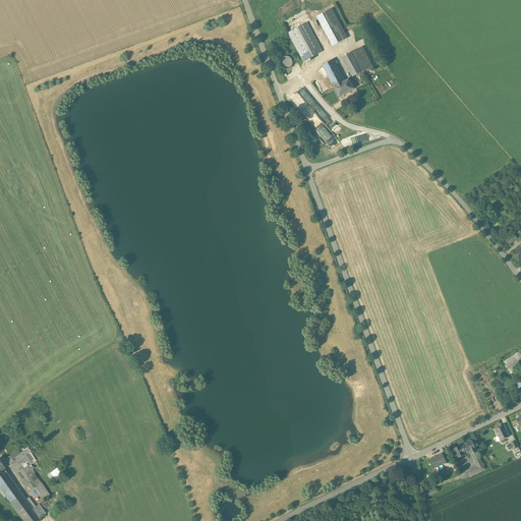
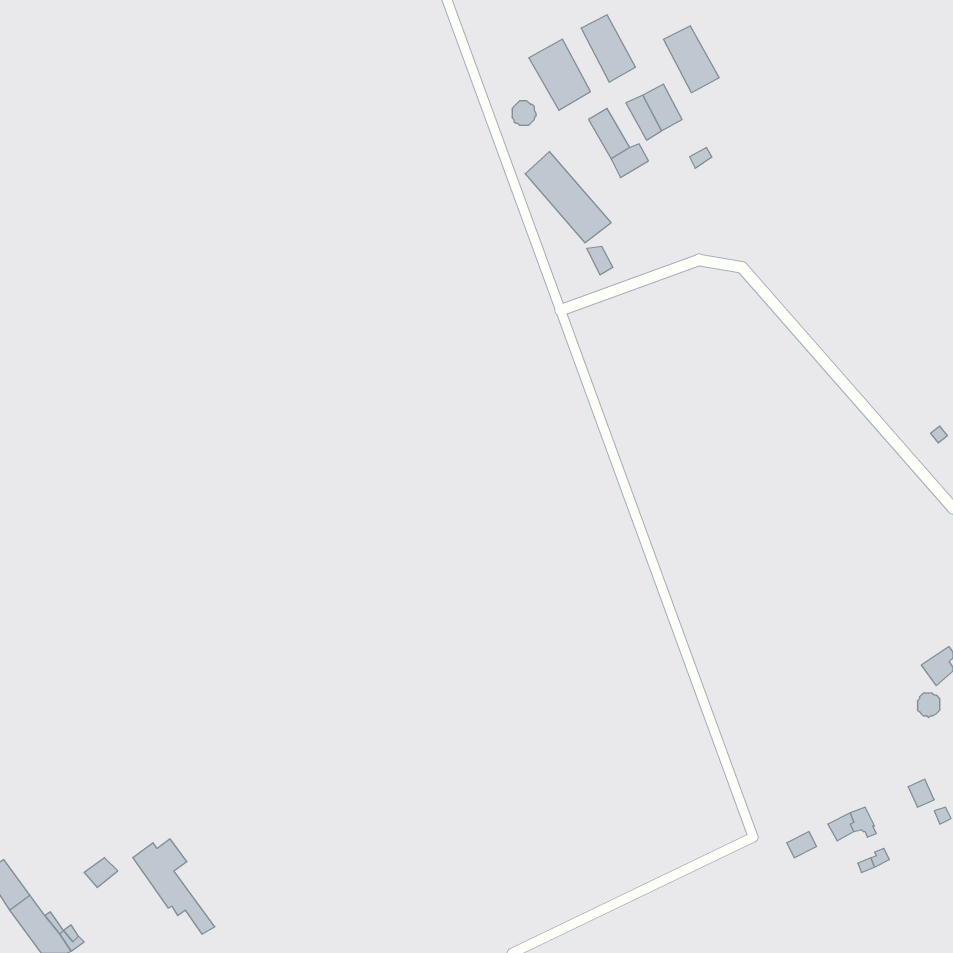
building: none -> [663,26,719,93]
building: [6,448,51,500] -> [133,839,215,934]

